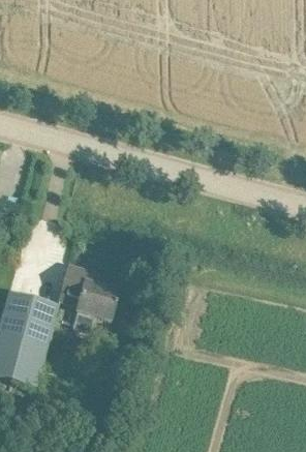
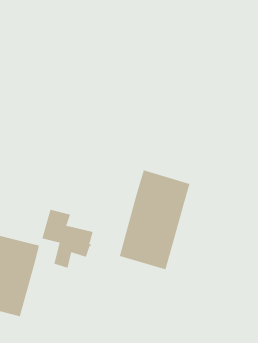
building: none -> [119,170,190,270]

